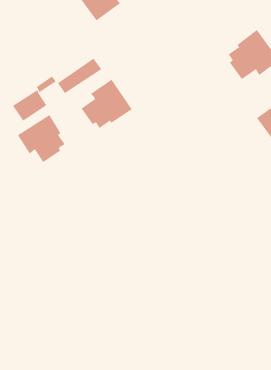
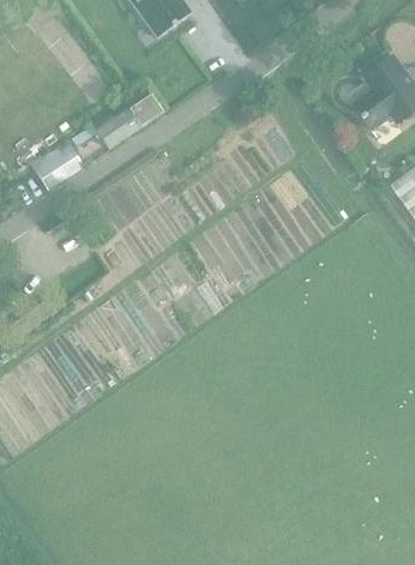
building: [81,79,133,129] -> none
building: [17,114,65,163] -> none

